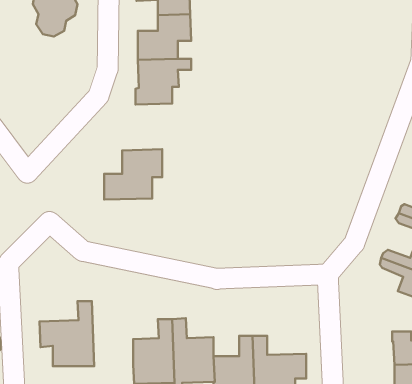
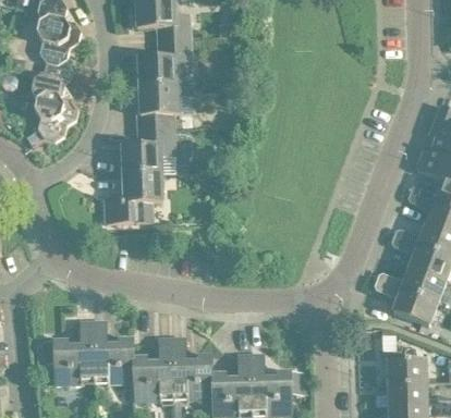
building: none -> [31,58,77,142]
building: none -> [122,128,173,174]
building: none -> [94,321,134,384]

